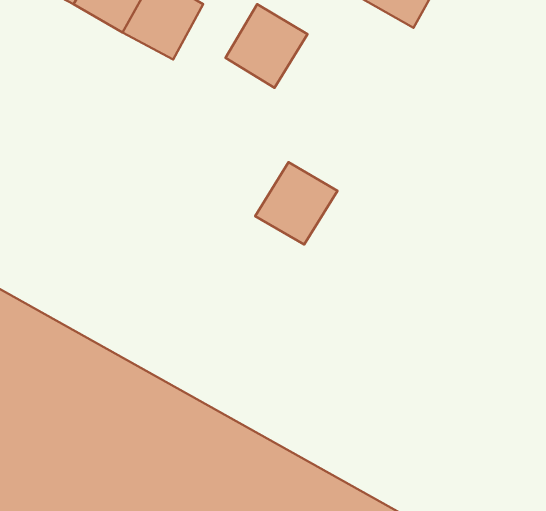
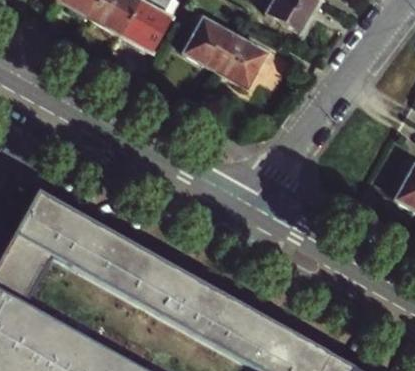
building: [255,162,337,245] -> [215,31,267,83]

